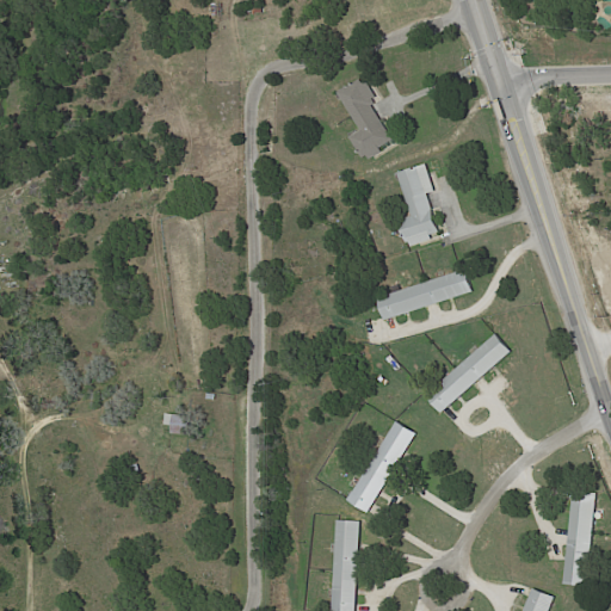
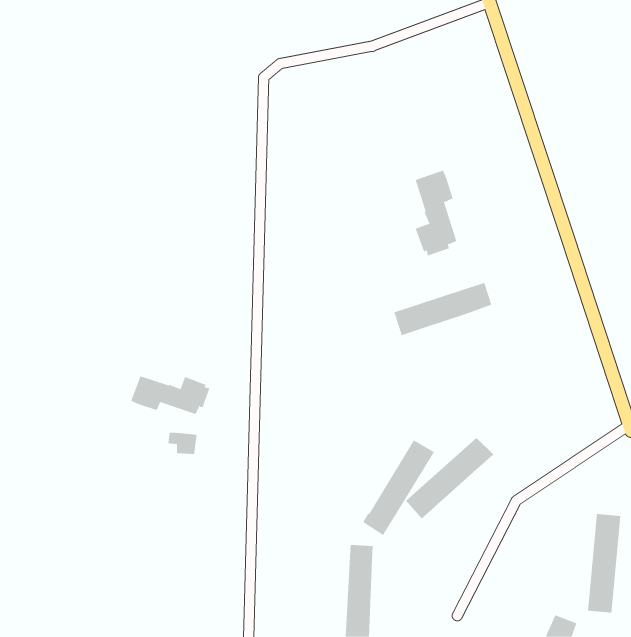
building: [337,78,390,158] -> none
building: [425,334,510,413] -> [405,437,494,519]
building: none -> [131,375,210,415]

